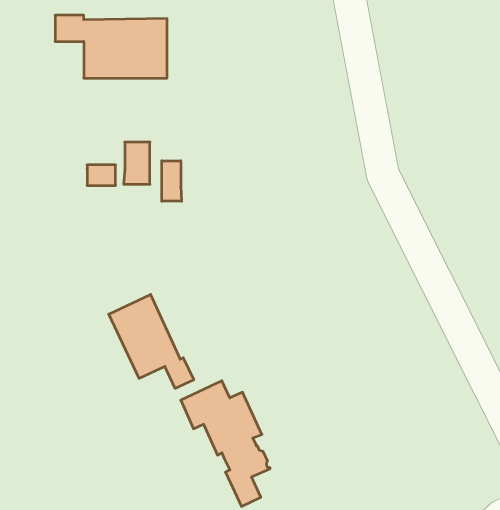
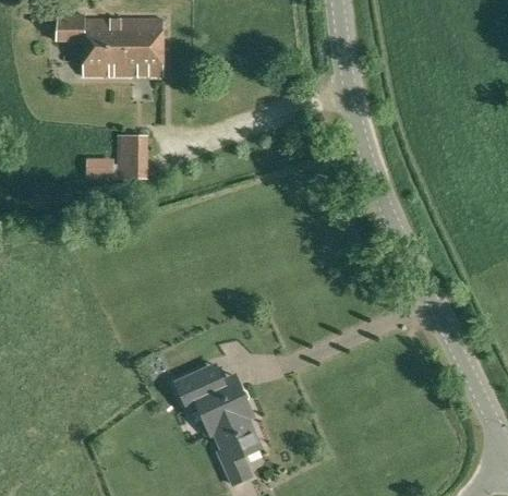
building: [162,161,182,201] -> none
building: [109,294,194,388] -> none

